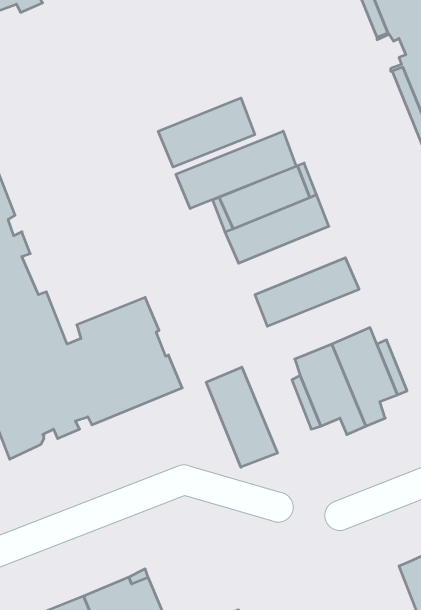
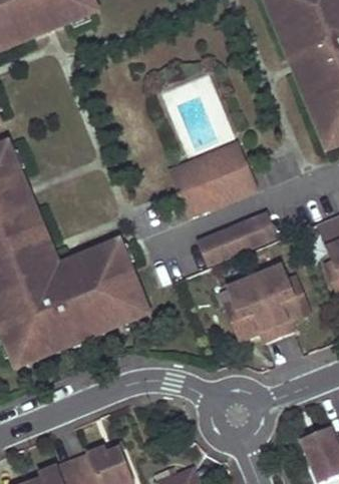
building: [158,98,255,167] -> none
building: [176,131,296,209] -> none
building: [206,367,278,467] -> none

